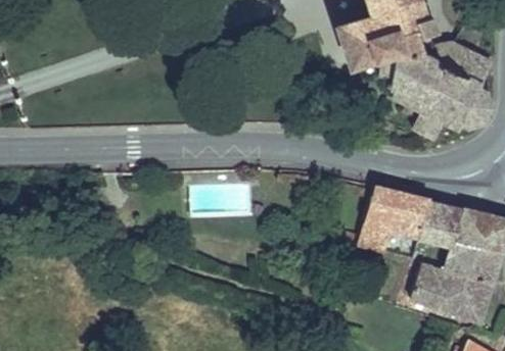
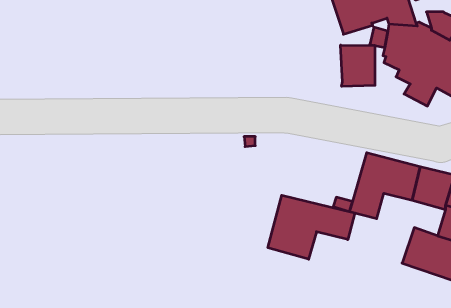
building: none -> [341,45,375,86]
building: none -> [268,195,355,259]

